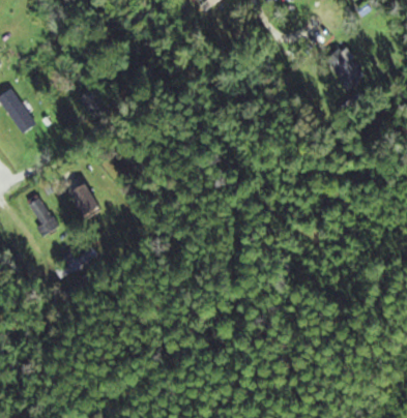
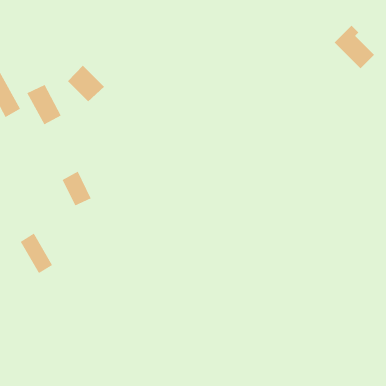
building: none -> [27,84,61,125]
building: [26,196,57,234] -> [20,233,53,274]

